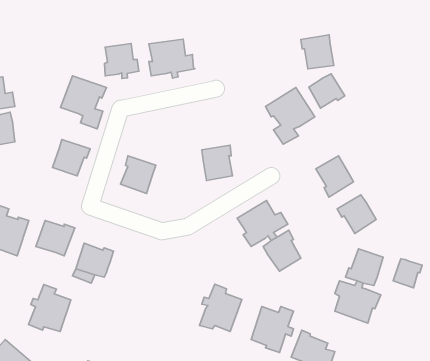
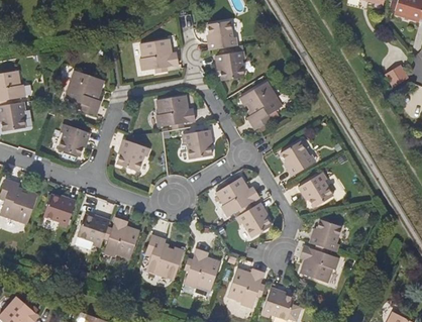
building: none -> [208,19,234,48]
building: [301,35,334,69] -> [216,50,244,80]
building: [104,44,139,78] -> none
building: [309,74,345,108] -> none
building: none -> [156,95,196,128]
building: [393,259,422,288] -> none
building: none -> [146,234,184,280]
building: [28,284,71,331] -> [103,217,139,257]

